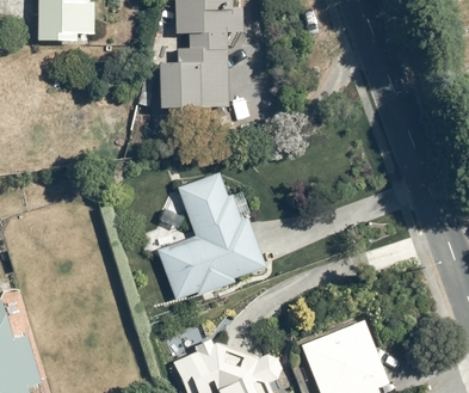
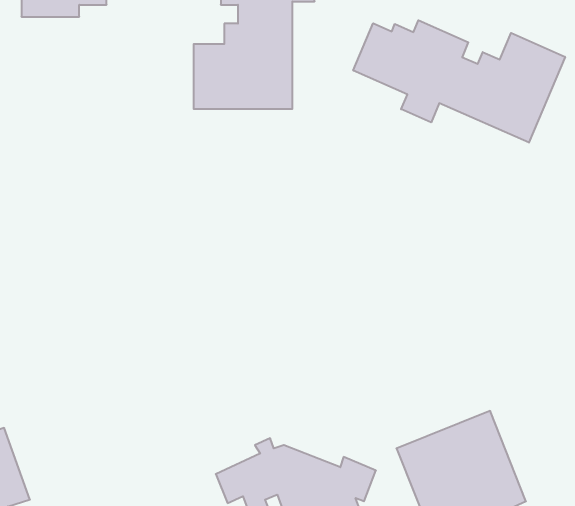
building: none -> [353,20,565,143]
building: [159,170,266,297] -> none

